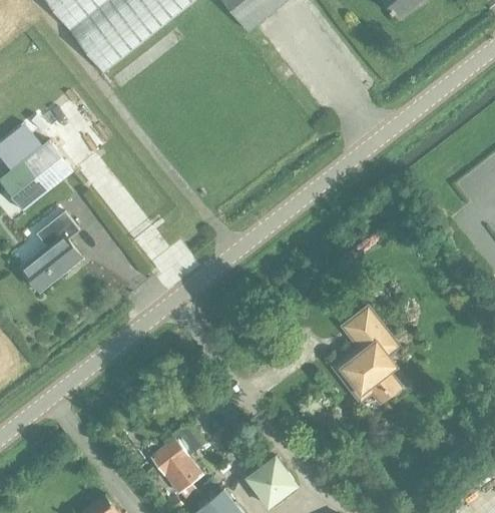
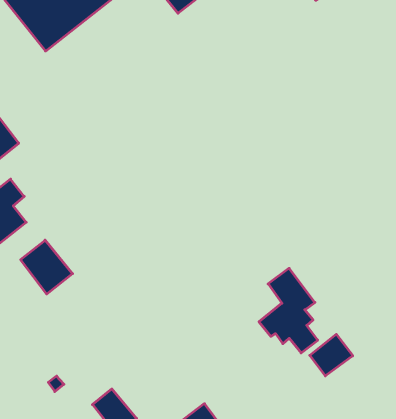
building: none -> [21,240,73,294]
building: none -> [310,334,353,376]

